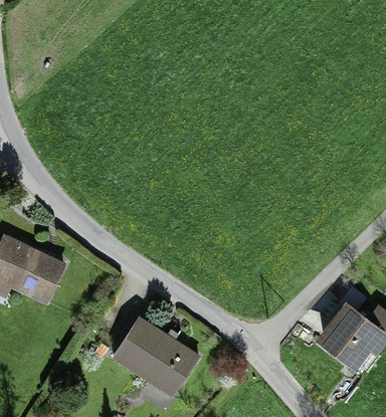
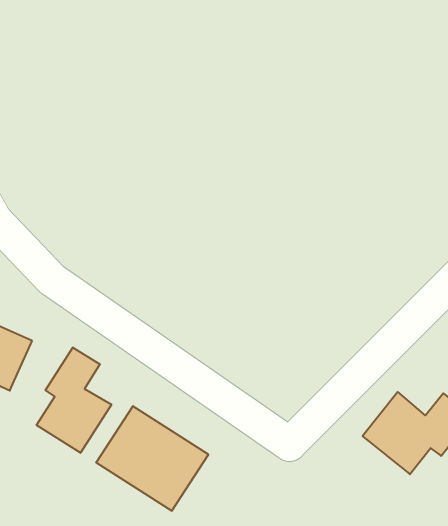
building: none -> [37,347,111,453]

